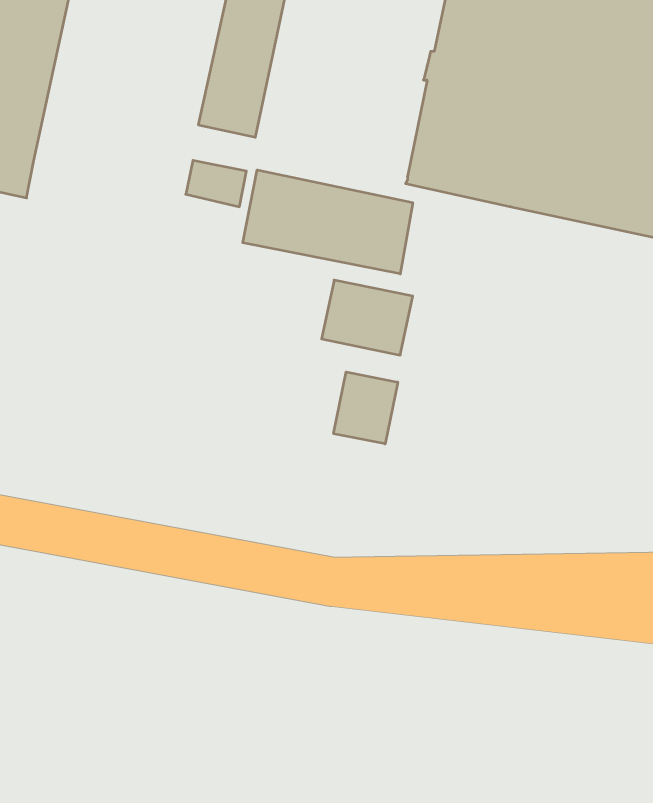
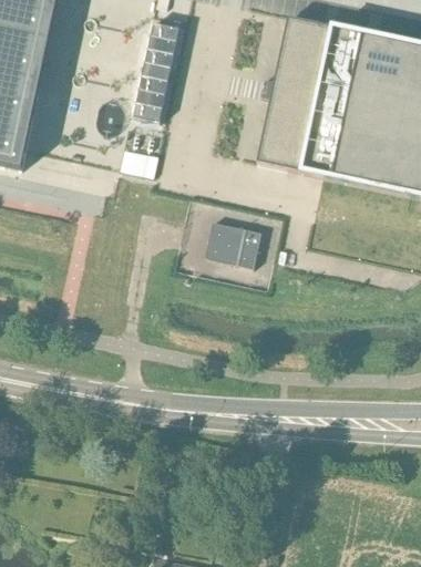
building: [243,170,413,274] -> none
building: [334,372,398,444] -> none

